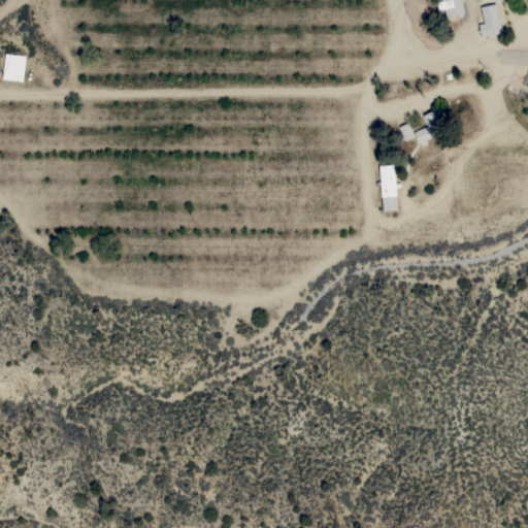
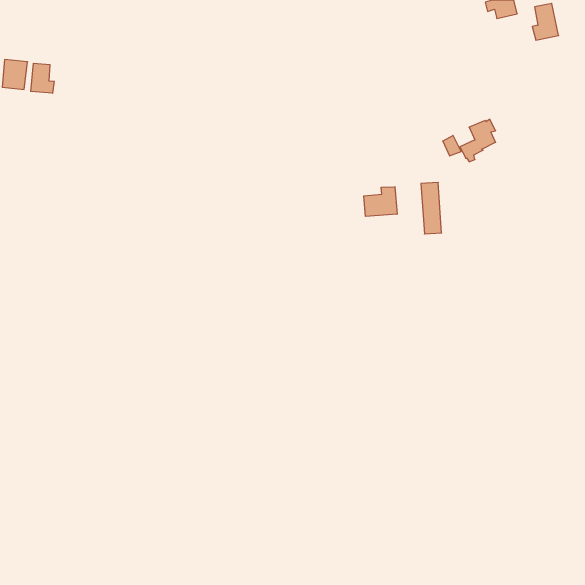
building: none -> [31,63,54,93]
building: none -> [364,187,397,216]

